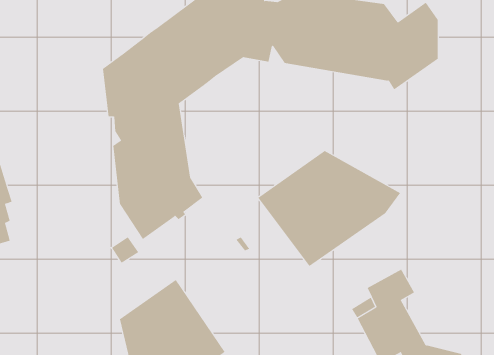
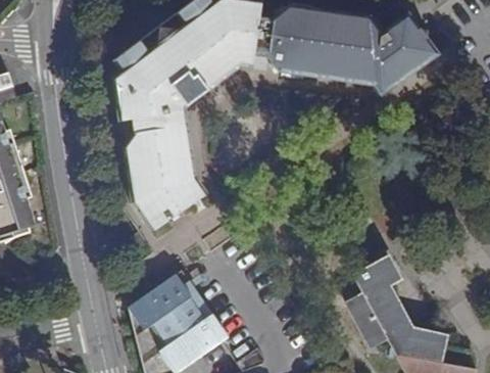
building: [258,150,401,267] -> none

